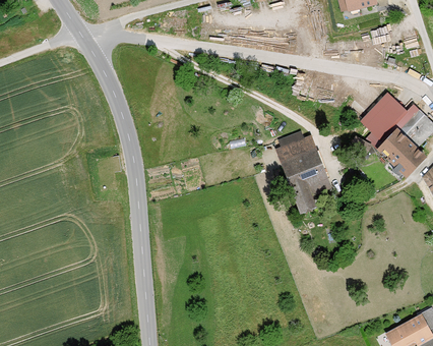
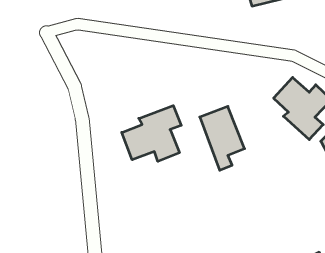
building: none -> [122,106,181,161]

